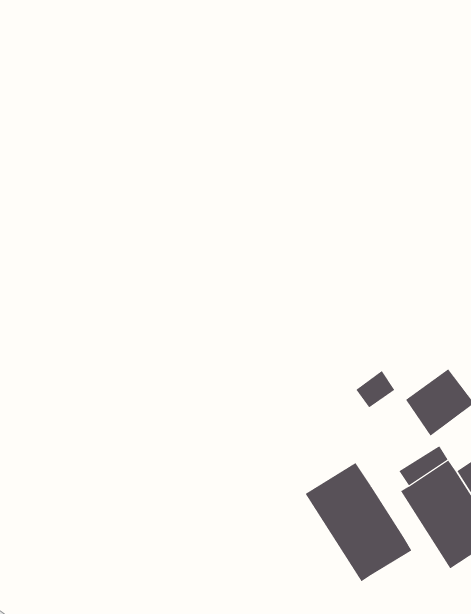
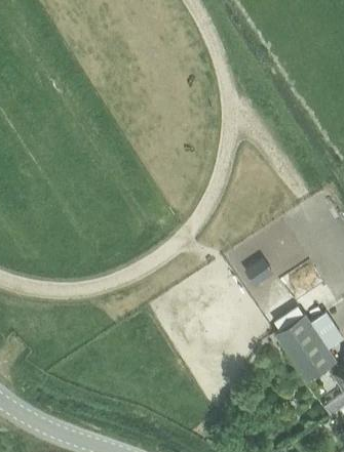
building: [305,462,412,582] -> none

